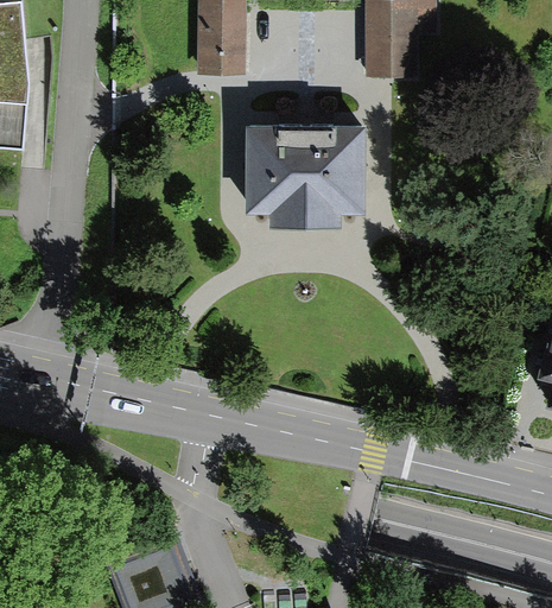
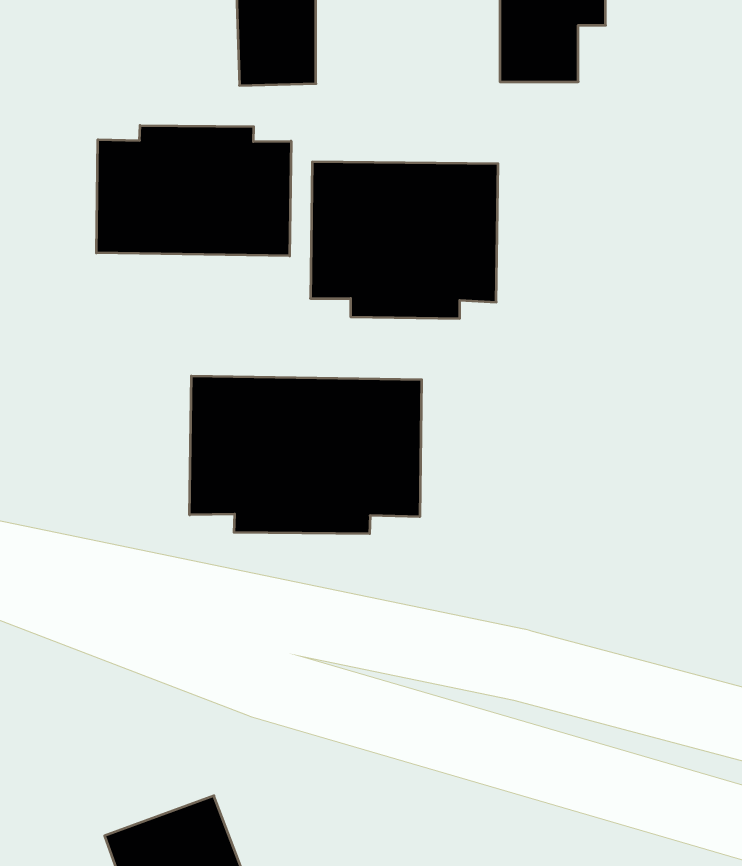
building: none -> [96,125,291,256]
building: none -> [190,376,422,534]

